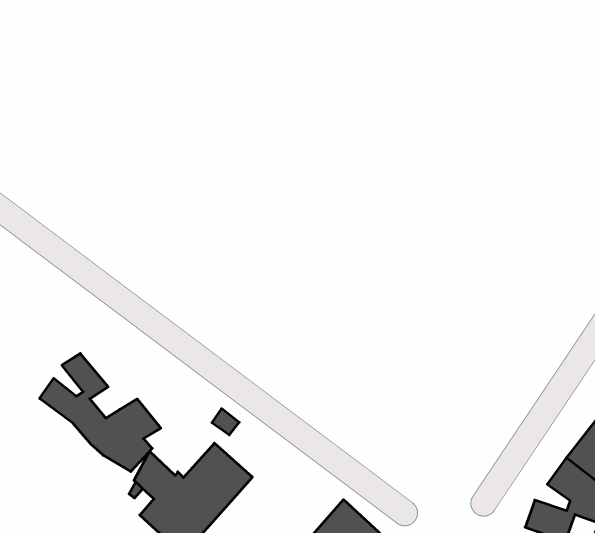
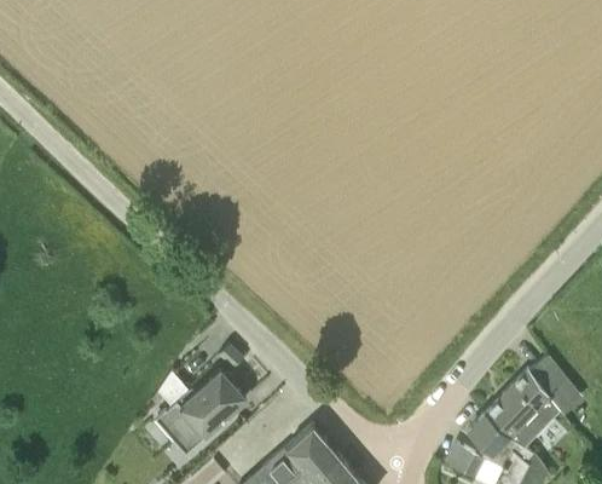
building: [40,353,161,472] -> none

